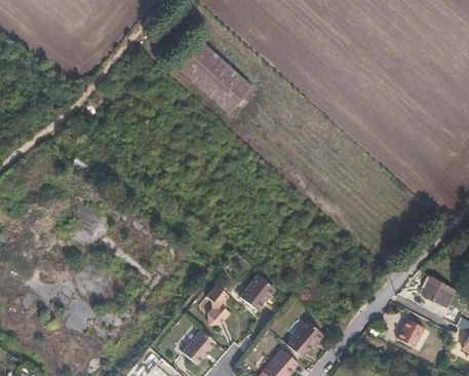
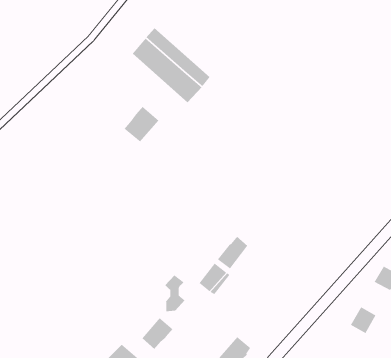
building: none -> [123,106,159,143]
building: none -> [217,236,248,269]
building: [286,322,322,358] -> none

